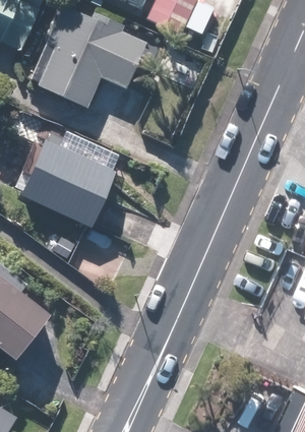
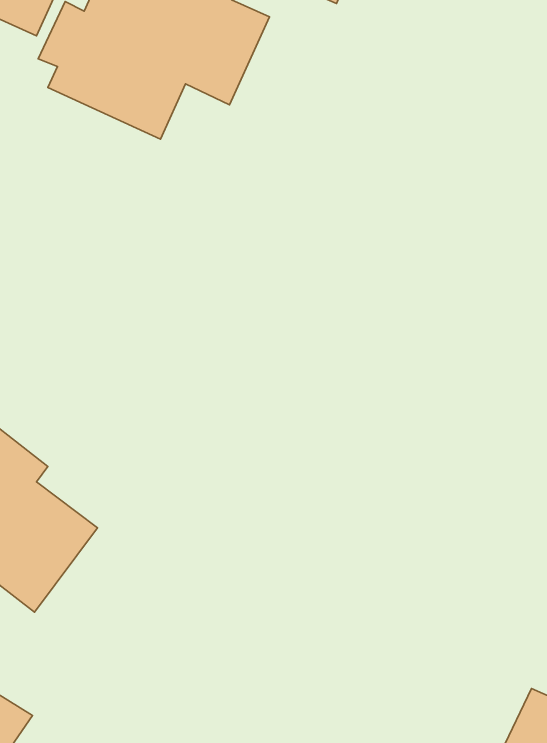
building: [28,141,127,226] -> none

